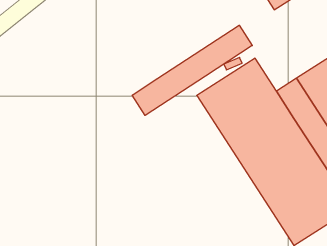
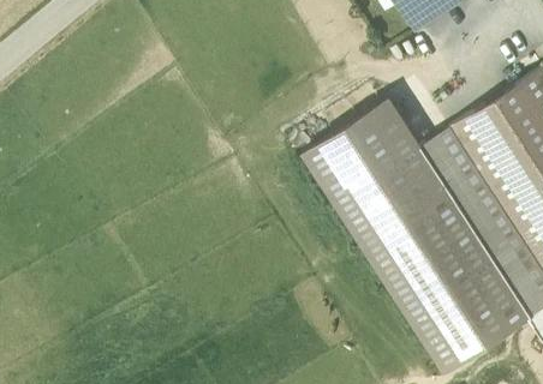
building: [132,25,252,115] -> none

